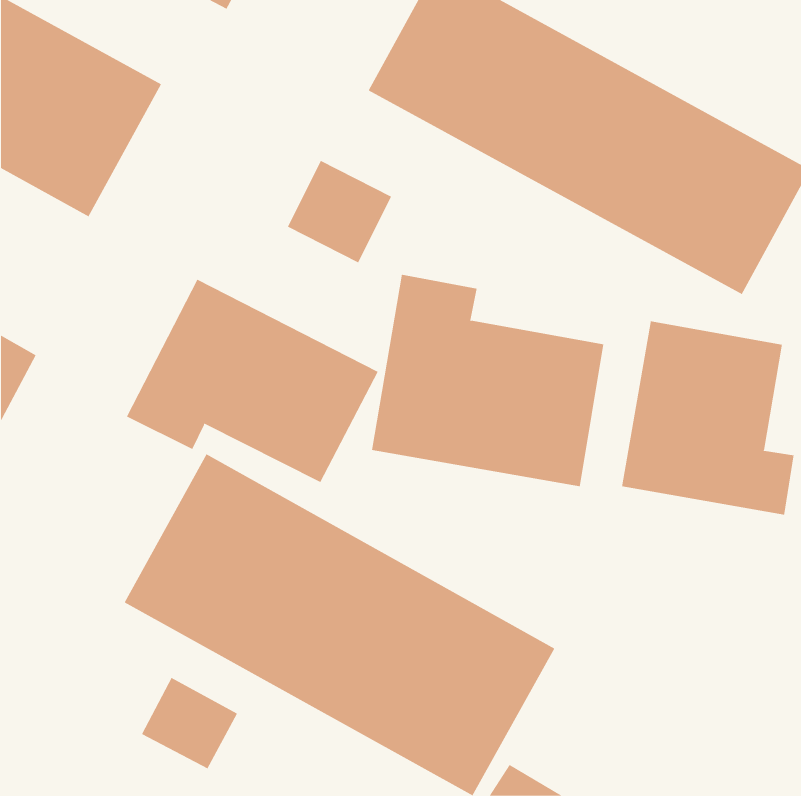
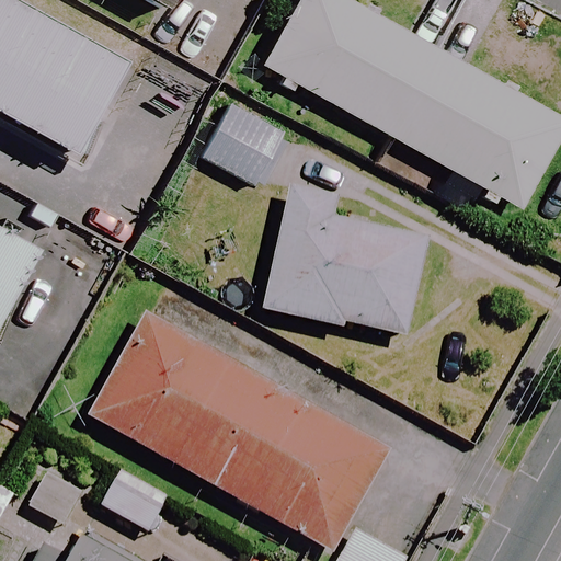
building: [126,279,379,483] -> none
building: [621,320,794,516] -> none

